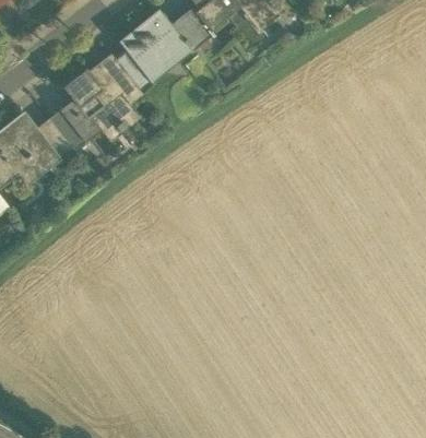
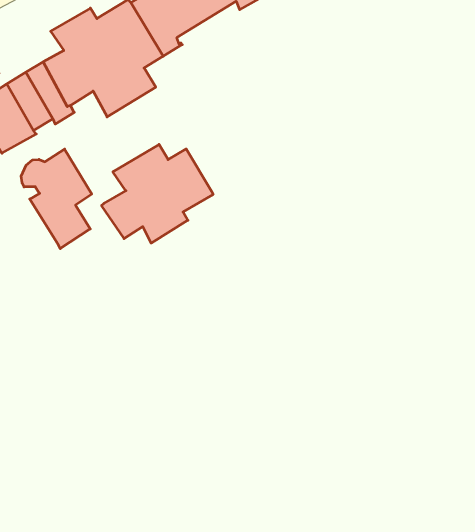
building: none -> [102,144,213,243]
building: none -> [21,149,92,249]

